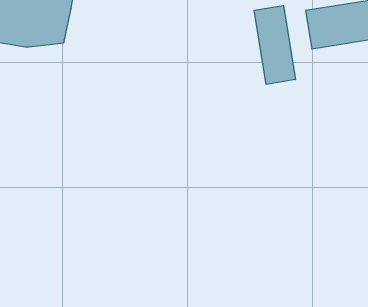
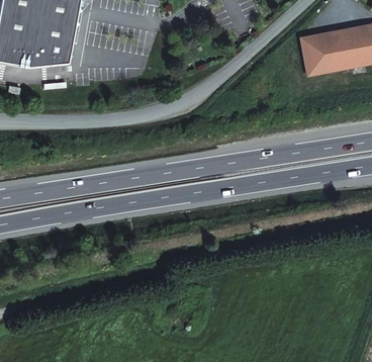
building: [254,6,295,84] -> none

